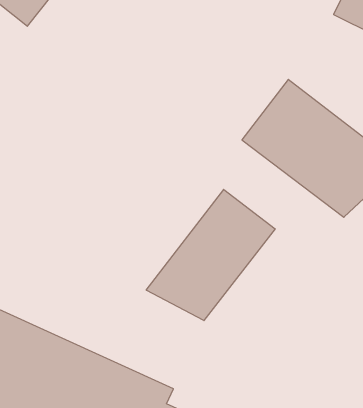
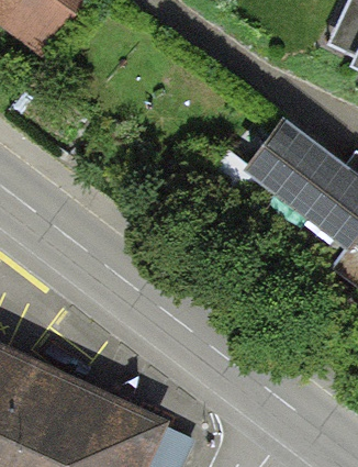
building: [146,189,275,321] -> none

